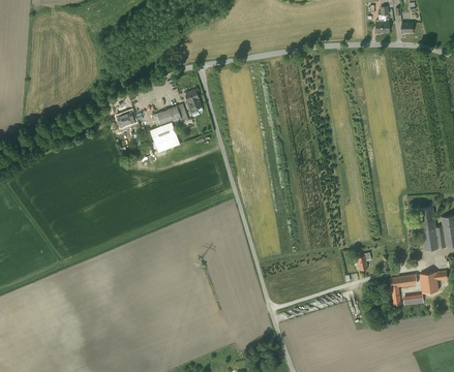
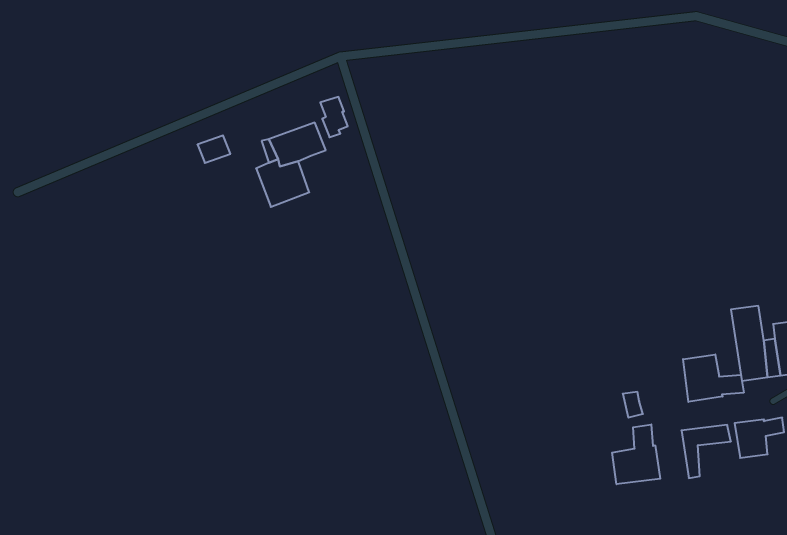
building: none -> [683,354,744,402]
building: none -> [612,424,660,484]

